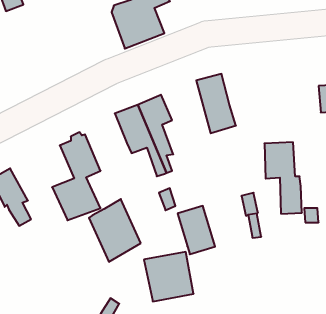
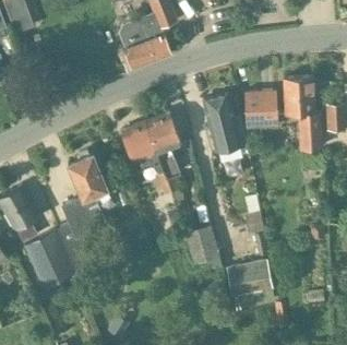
building: none -> [244,92,277,127]
building: [264,142,302,214] -> [284,78,321,148]
building: [89,199,141,262] -> [24,227,75,289]
building: [144,252,194,301] -> [226,260,275,309]

